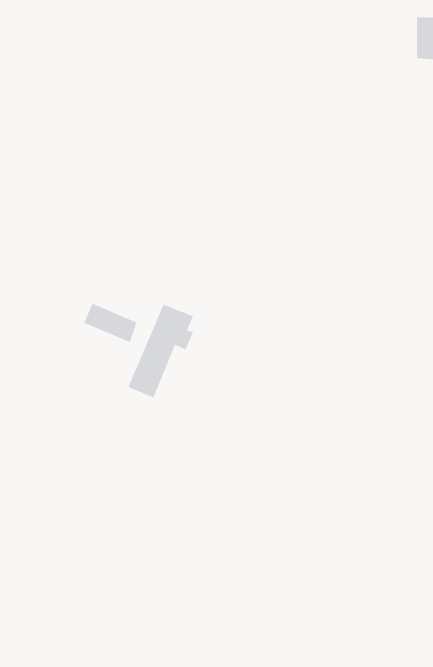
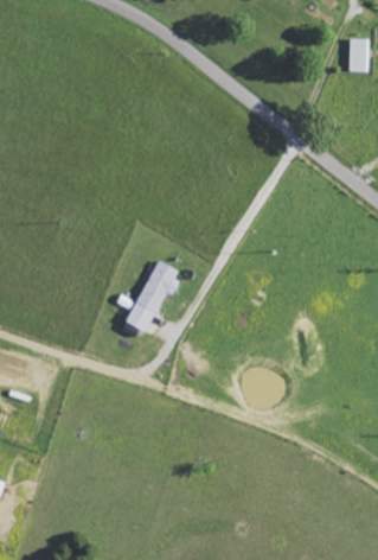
building: [84,303,137,343] -> none

